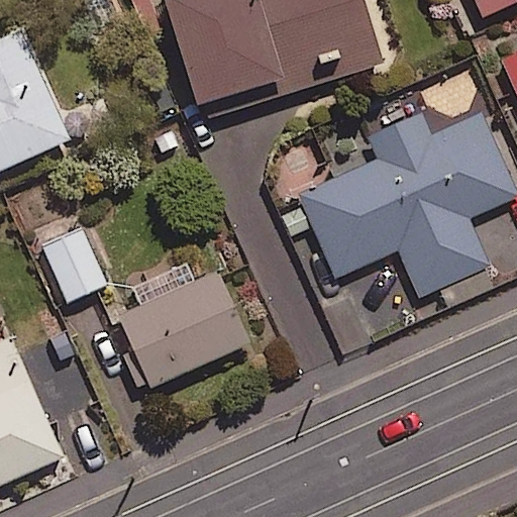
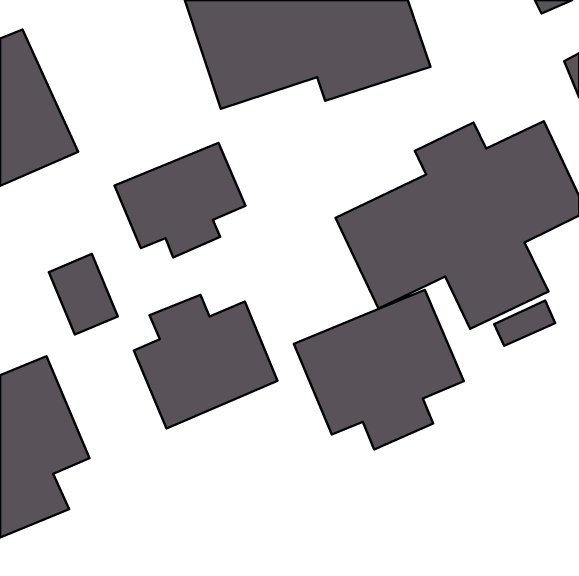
building: none -> [115,143,245,257]
building: none -> [294,290,464,450]

